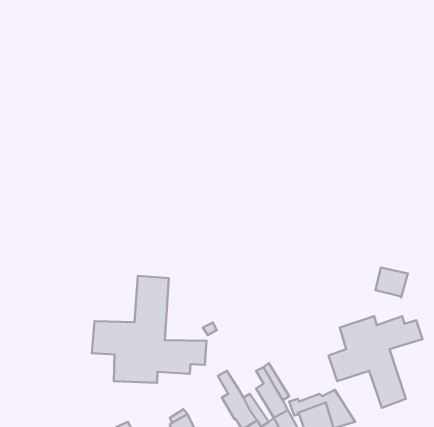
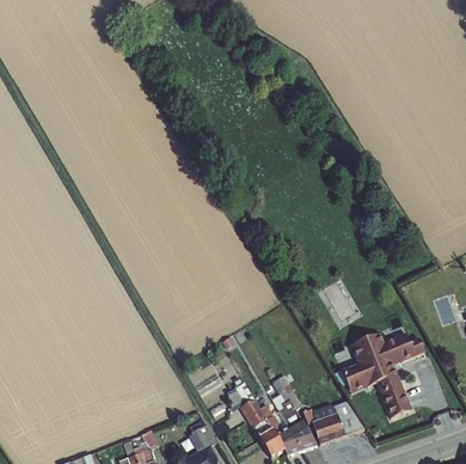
building: [376,267,408,297] -> none
building: [92,276,206,383] -> none

